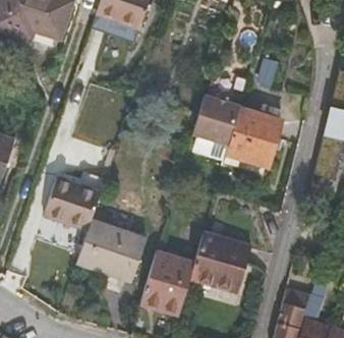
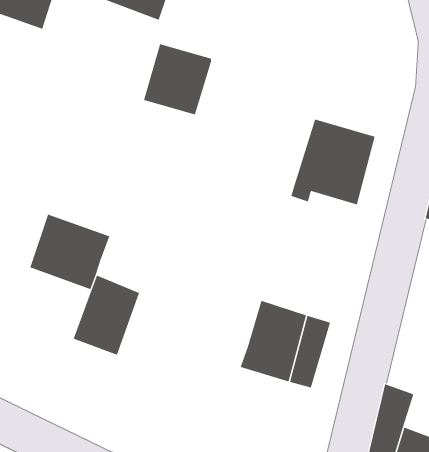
building: [193,97,240,146] -> [143,44,212,115]
building: [106,228,147,281] -> none
building: [138,251,194,318] -> none

